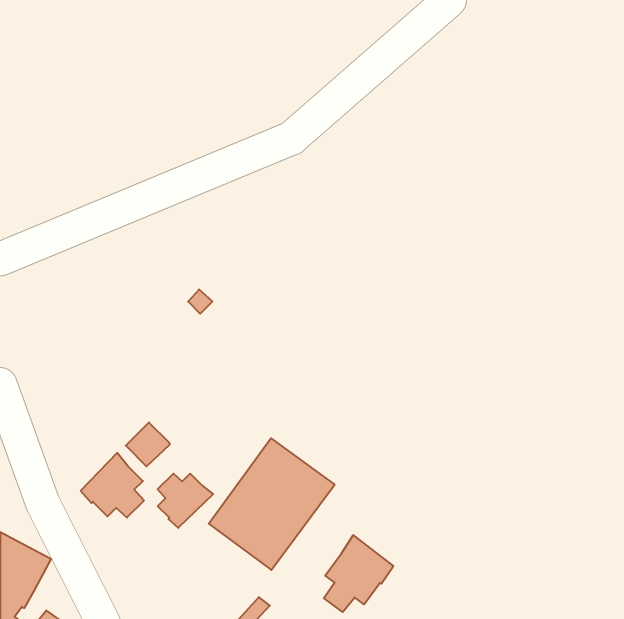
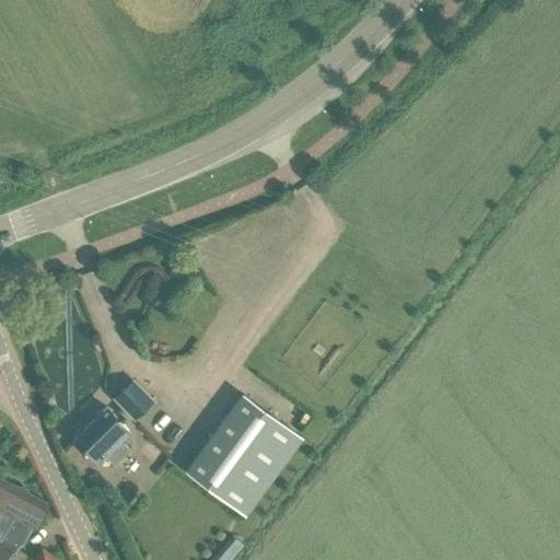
building: [158,474,213,528] -> none
building: [324,535,393,612] -> none

